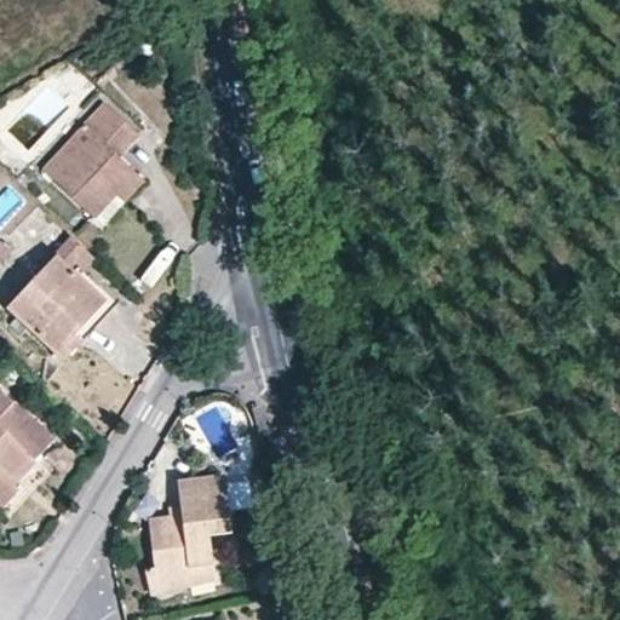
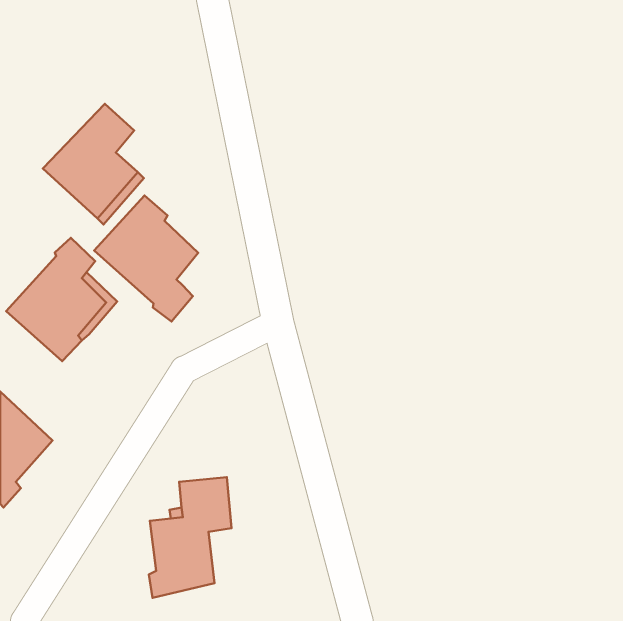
building: none -> [94,195,198,321]

